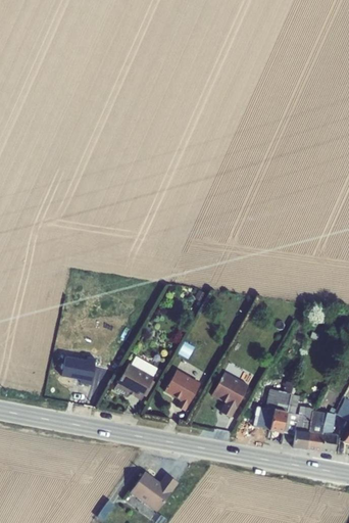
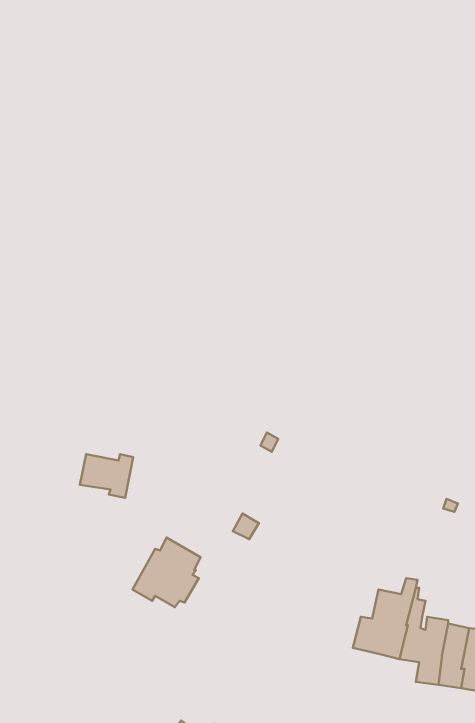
building: [61,361,95,388] -> [80,454,133,498]
building: [164,369,201,410] -> none
building: [211,372,248,417] -> none

